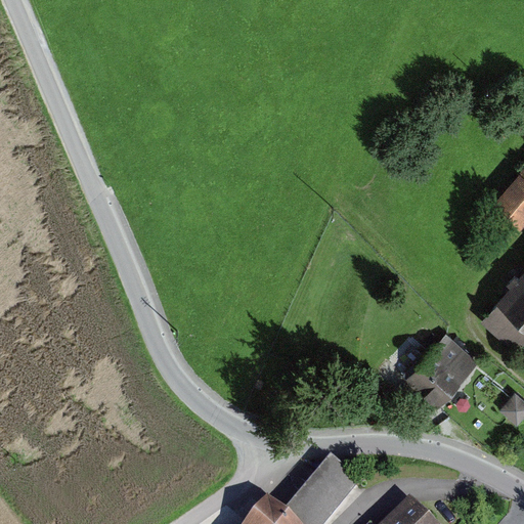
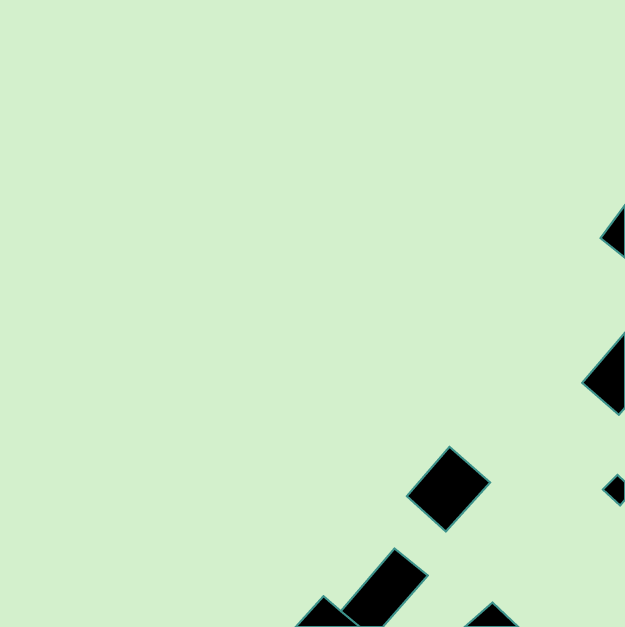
building: [410,336,480,406] -> [407,447,490,532]

